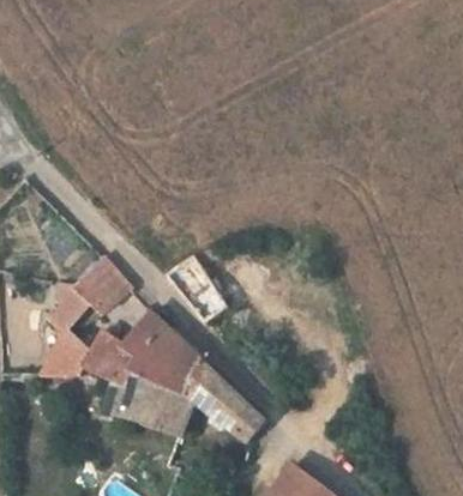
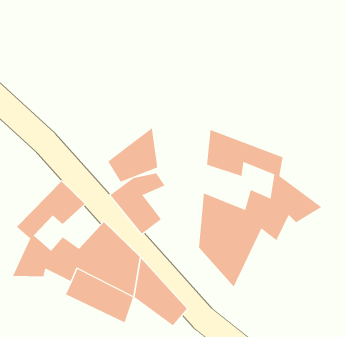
building: none -> [107,127,158,182]
building: none -> [198,129,323,287]

